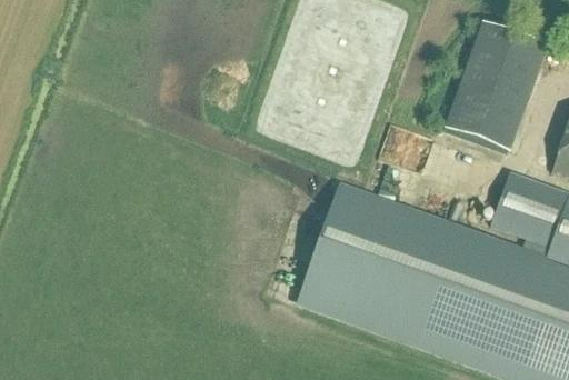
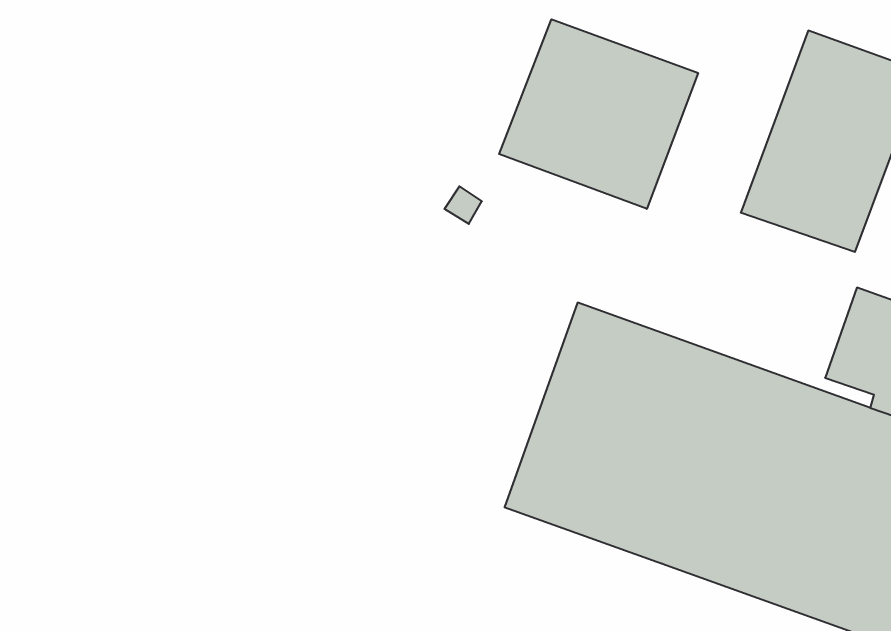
building: none -> [499,19,698,209]

